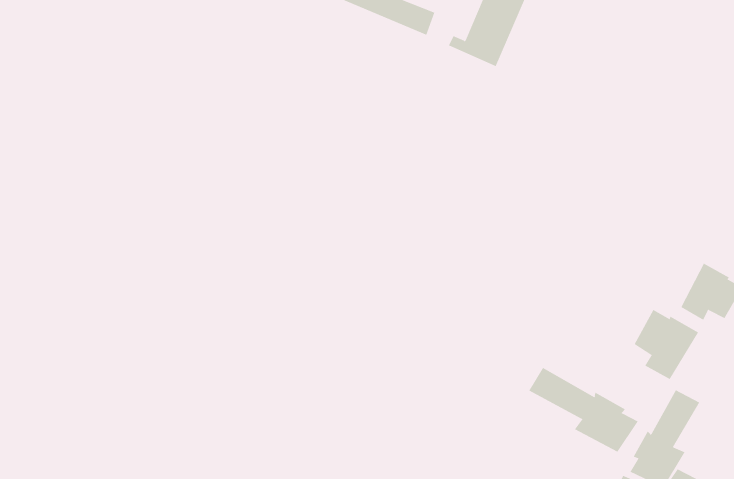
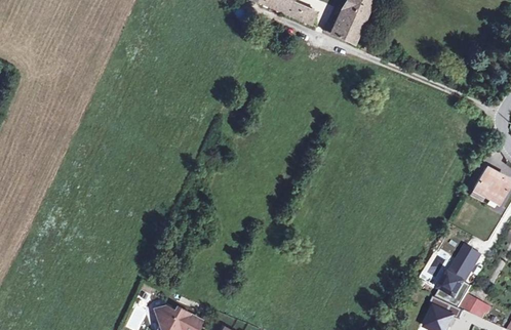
building: [634,309,699,380] -> none
building: [528,367,639,453] -> none

